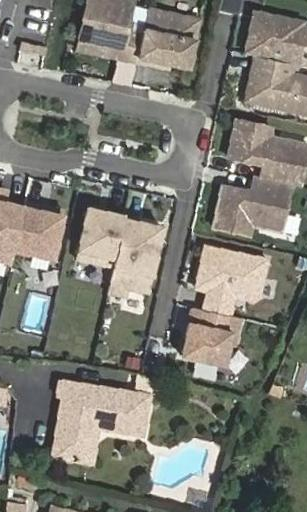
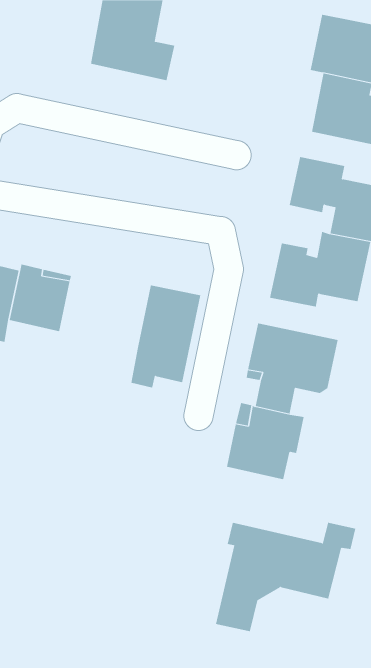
building: [136,8,199,68] -> none
building: [77,208,124,266] -> none
building: [61,382,169,466] -> [215,522,356,632]

